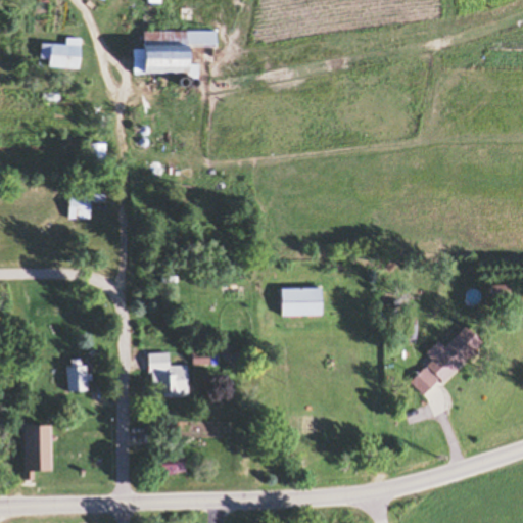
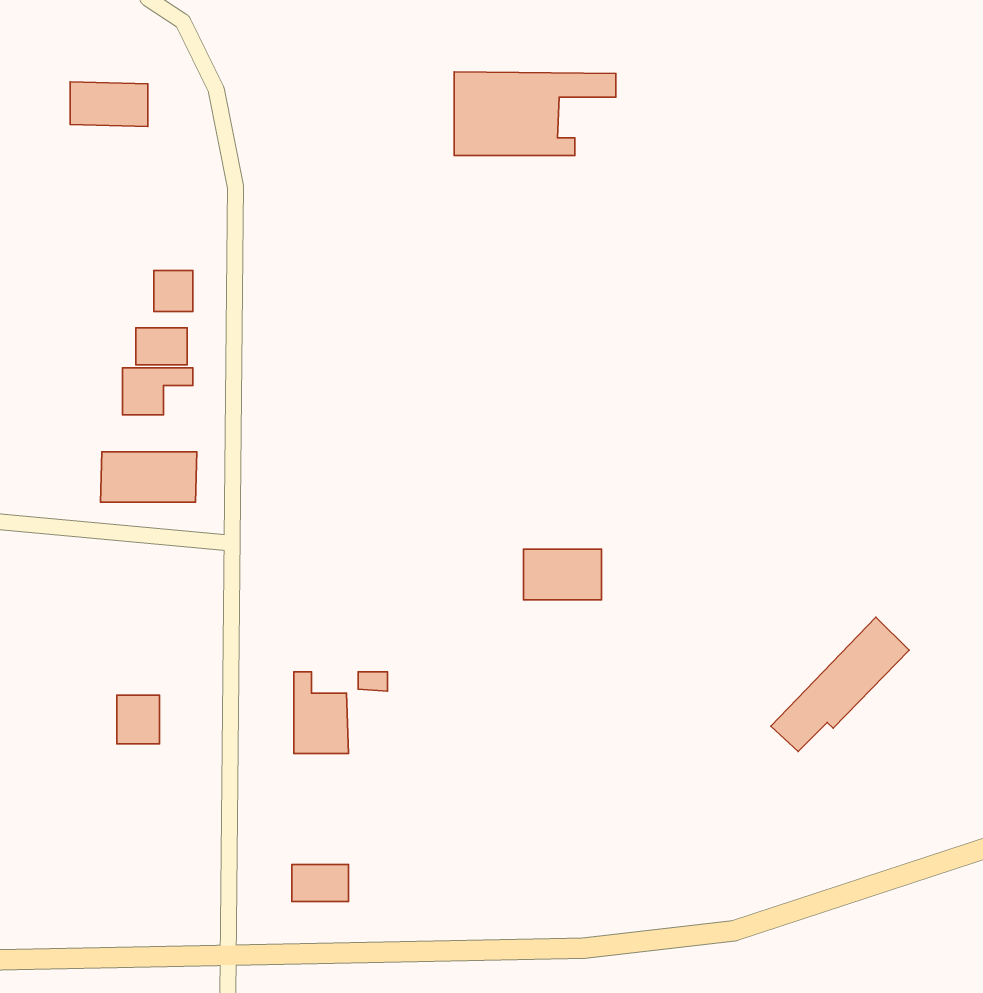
building: [135,30,220,74] -> [454,72,616,155]
building: none -> [136,328,187,365]
building: none -> [100,452,197,502]
building: [25,425,51,470] -> none

